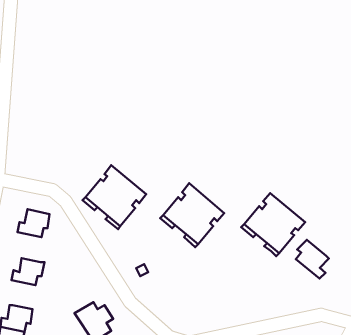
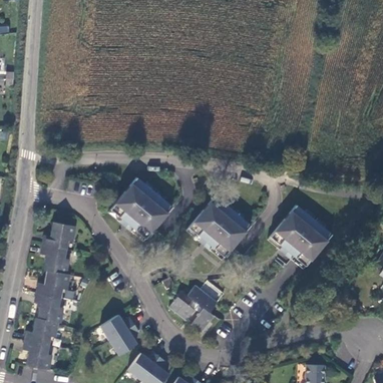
building: none -> [41,245,69,275]
building: [296,240,329,279] -> none
building: none -> [169,281,225,333]
building: none -> [35,293,63,323]

